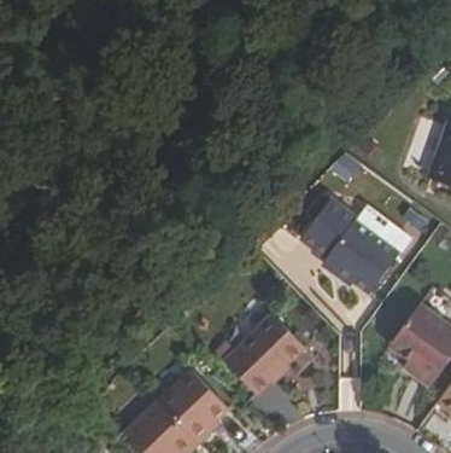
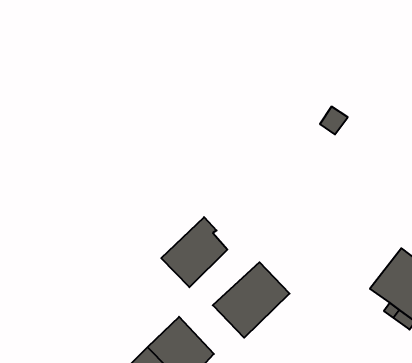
building: [299,197,398,292] -> none
building: none -> [161,217,227,287]

